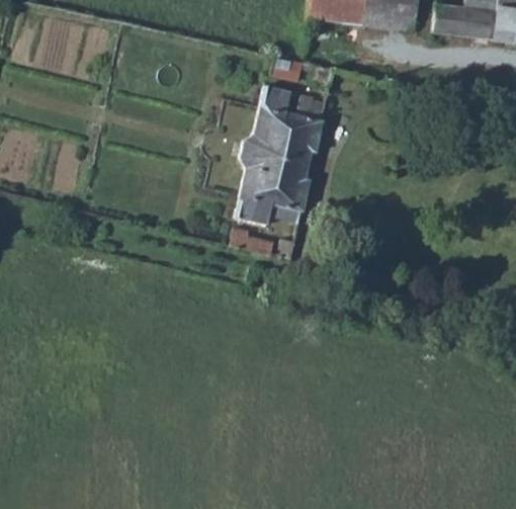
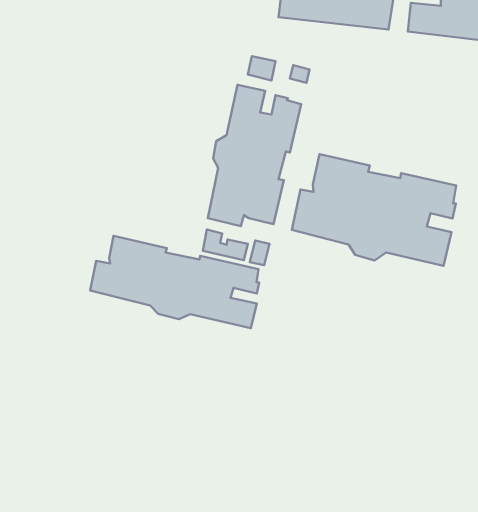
building: none -> [292,154,456,266]
building: none -> [90,236,259,328]

